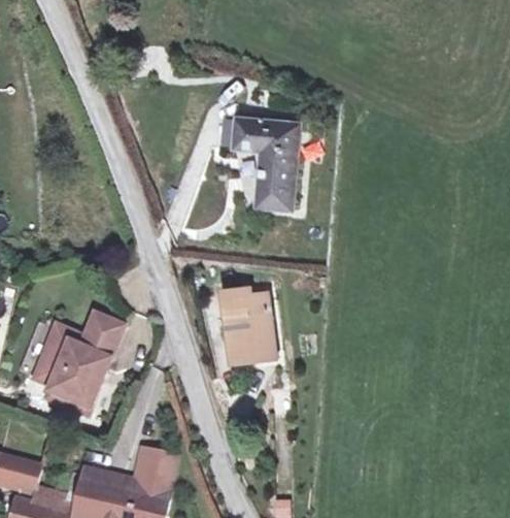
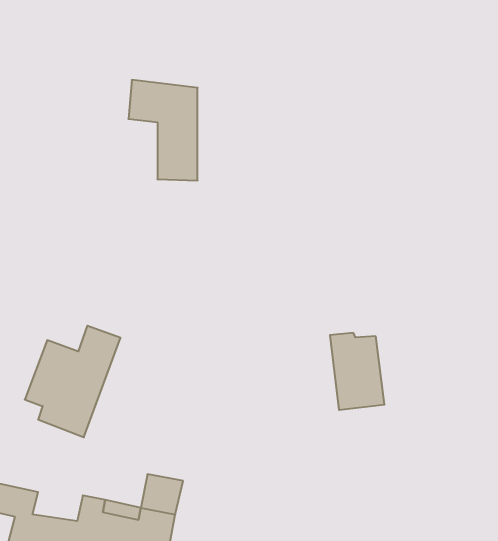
building: [234,116,298,208] -> [128,80,198,180]
building: [226,288,276,359] -> [330,333,385,410]

